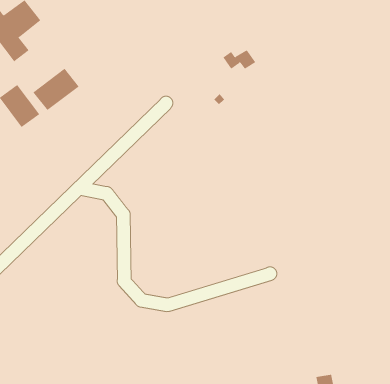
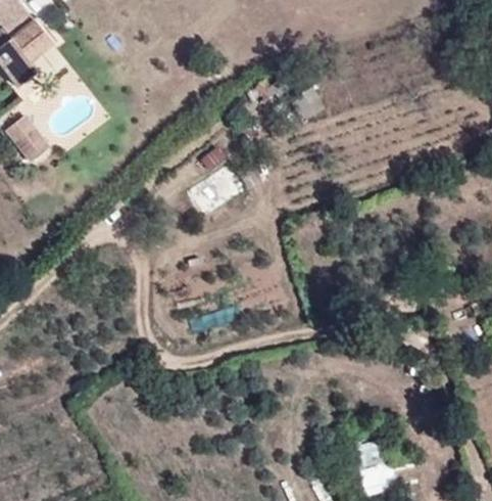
building: [32,68,80,111] -> none

